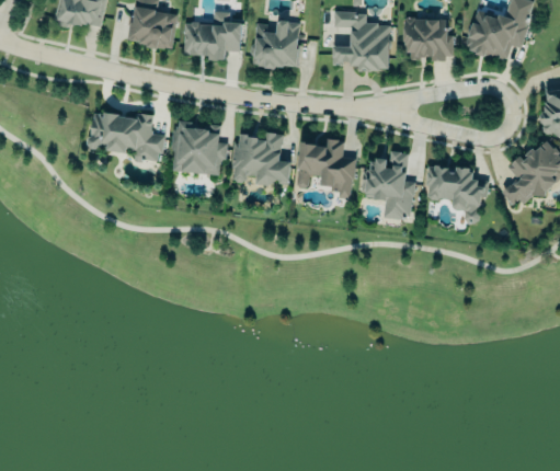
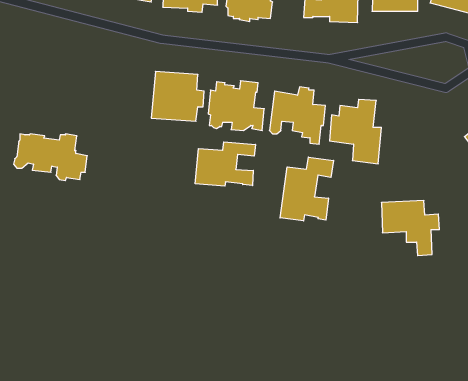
building: [87,113,164,162] -> [14,134,87,181]
building: [426,166,488,225] -> [381,201,439,256]
building: none -> [195,142,255,186]
building: none -> [280,157,334,221]

